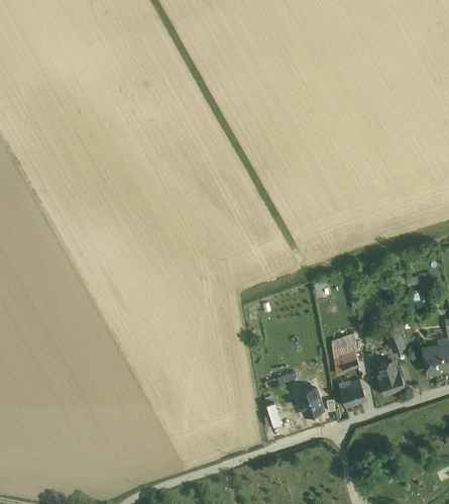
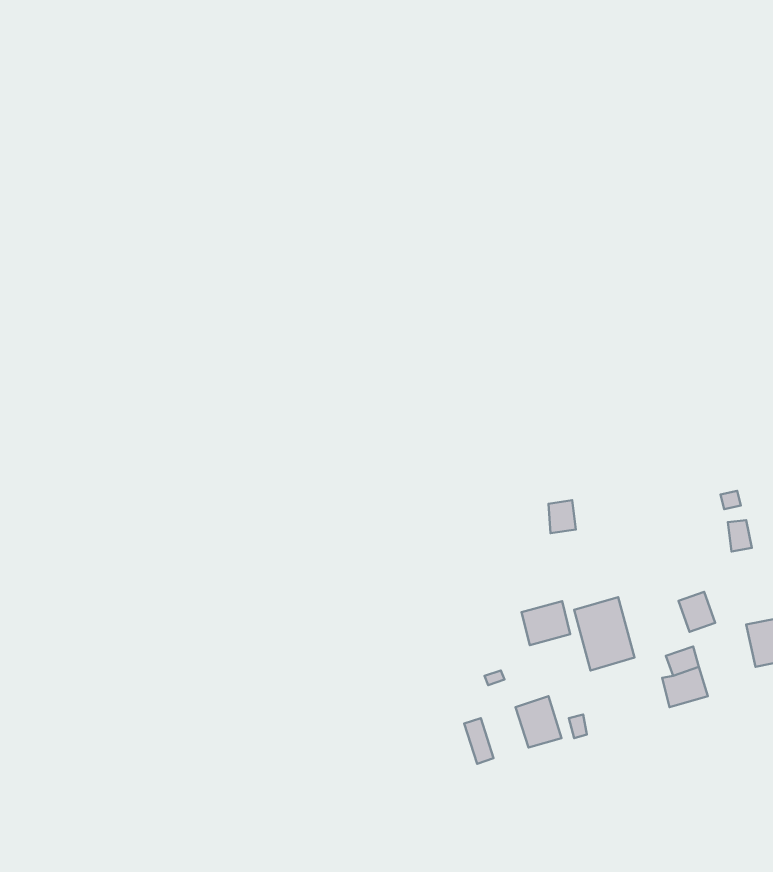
building: none -> [522,601,570,645]
building: [339,383,365,407] -> none

